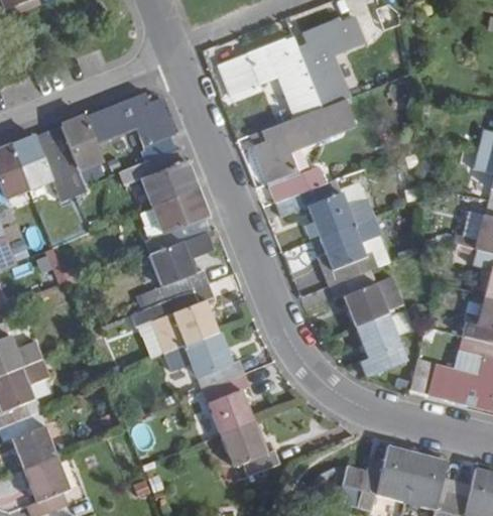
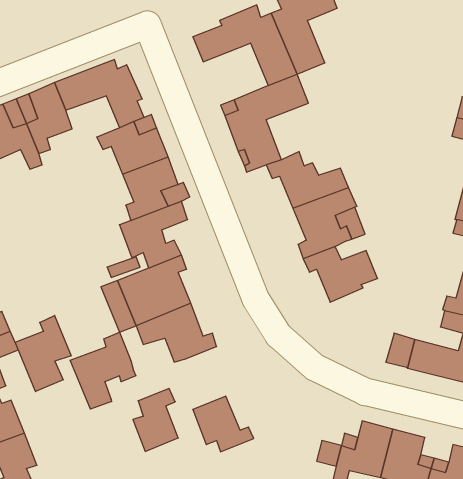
building: [323,96,361,135] -> none
building: [355,315,406,377] -> none
building: none -> [15,315,71,392]
building: none -> [70,332,136,409]
building: [209,373,253,434] -> [133,388,178,451]

